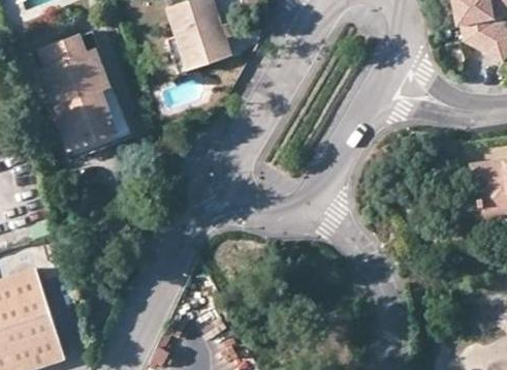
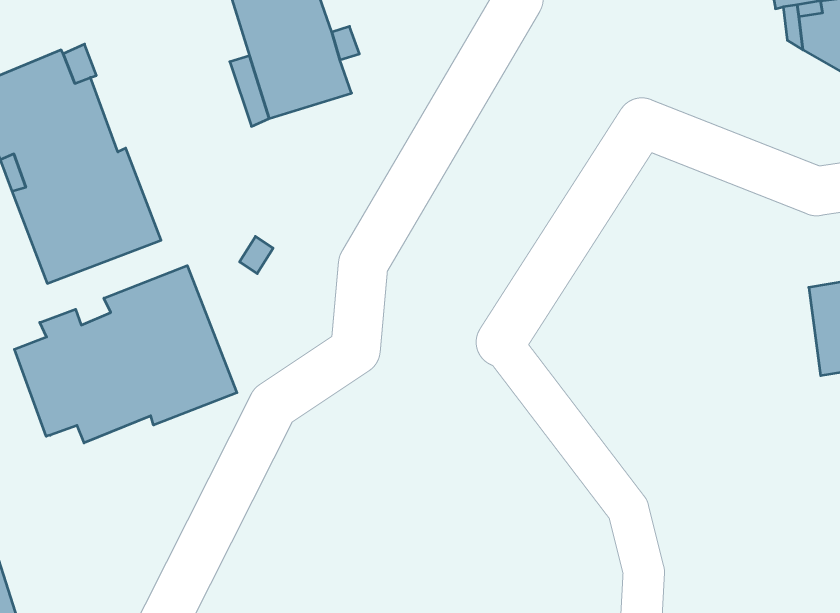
building: none -> [14,266,237,443]

